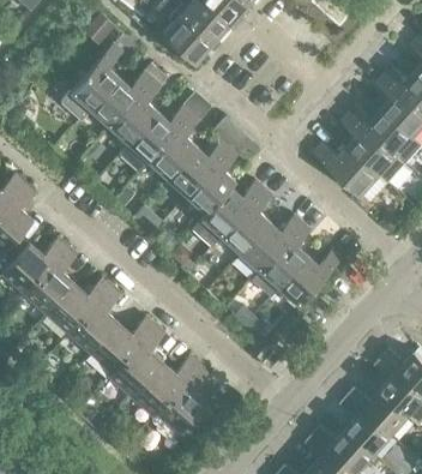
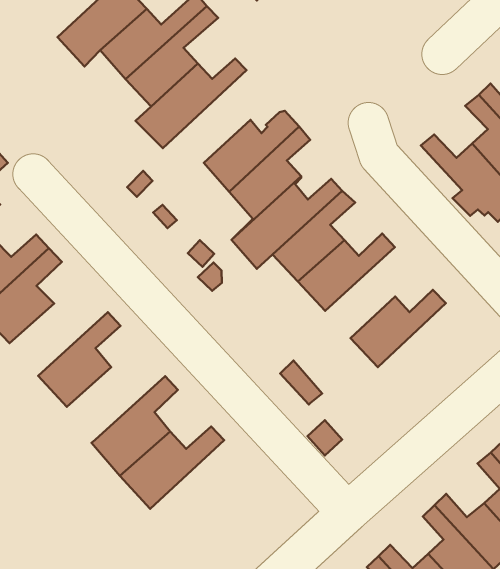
building: [147,114,199,179] -> none
building: [251,223,311,298] -> none
building: [47,278,111,335] -> none
building: [90,318,155,374] -> none
building: [153,366,212,448] -> none

